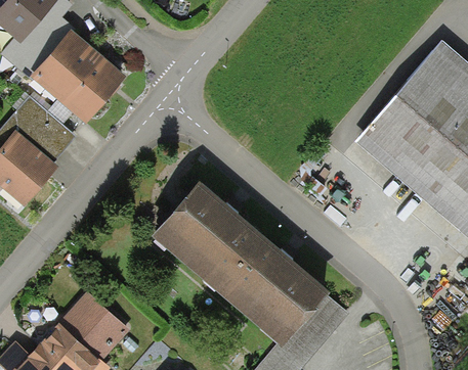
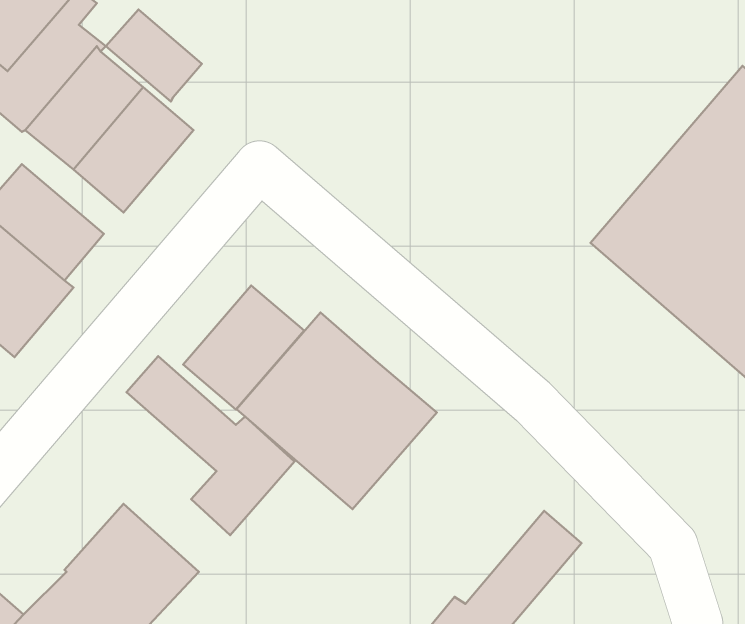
building: none -> [106,10,202,102]
building: none -> [183,286,304,409]
building: none -> [127,356,295,535]
building: [218,238,329,348] -> none

